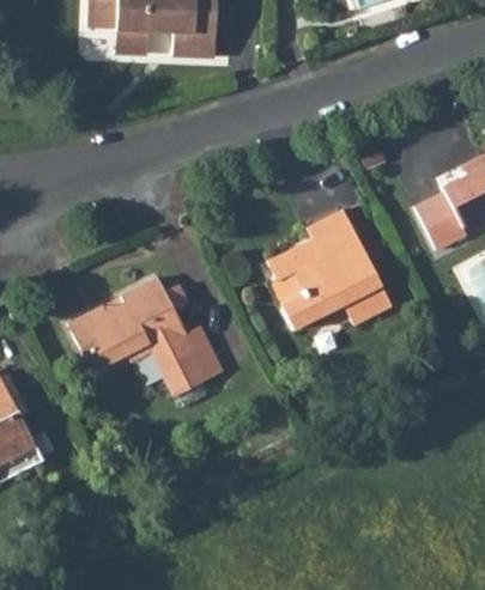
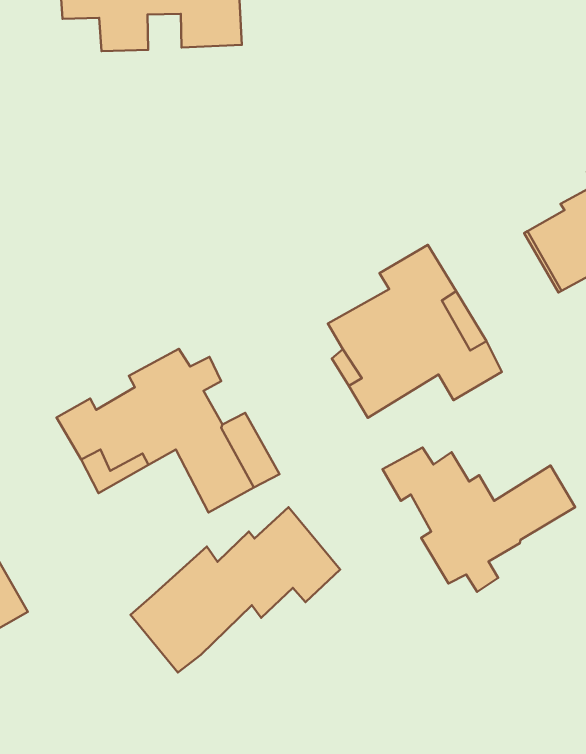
building: none -> [383,447,575,592]
building: none -> [131,507,340,673]

